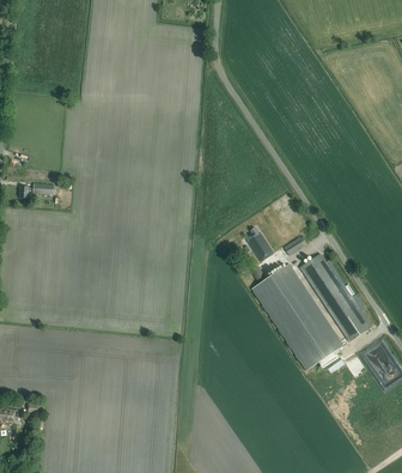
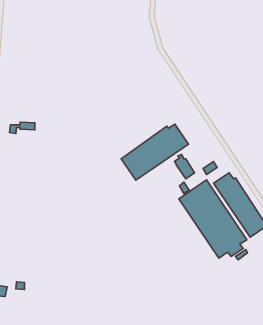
building: none -> [121,124,189,180]

